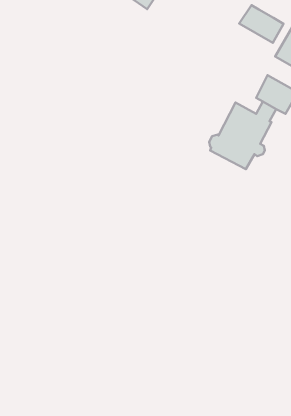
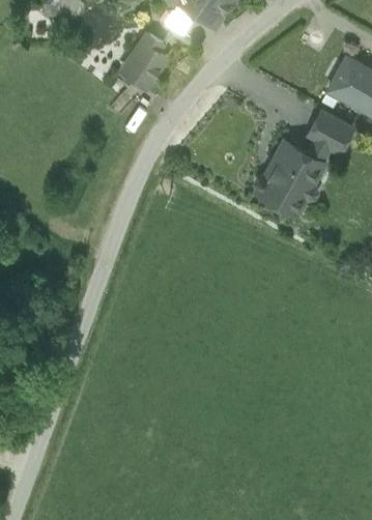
building: [239,5,284,43] -> none
building: none -> [121,36,167,91]

